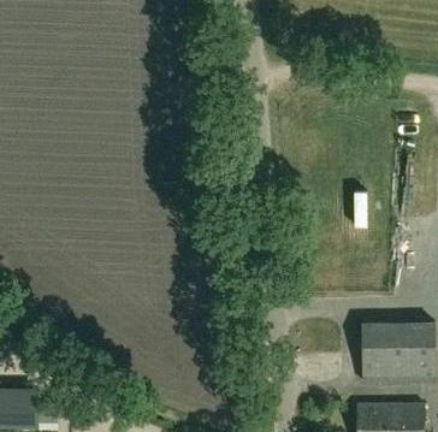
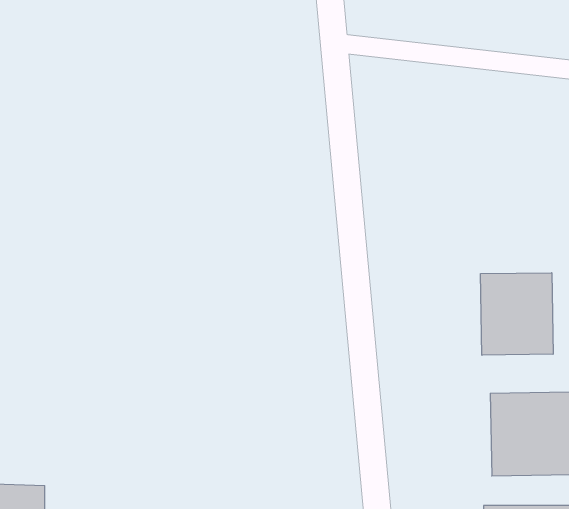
building: none -> [481,273,553,355]

